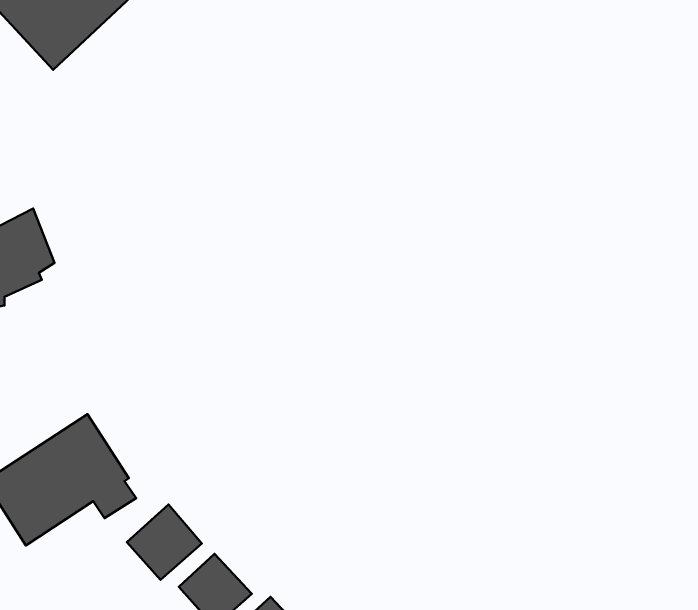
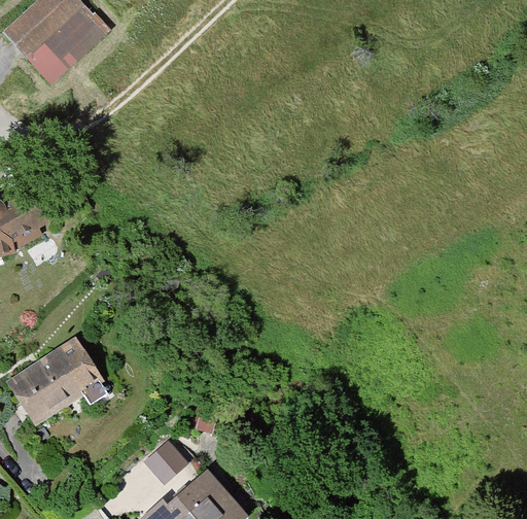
building: [127,505,202,580] -> none

